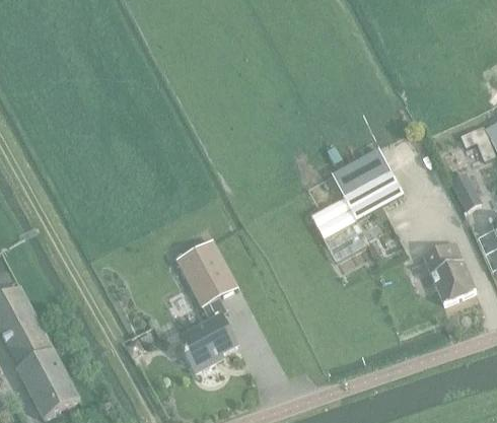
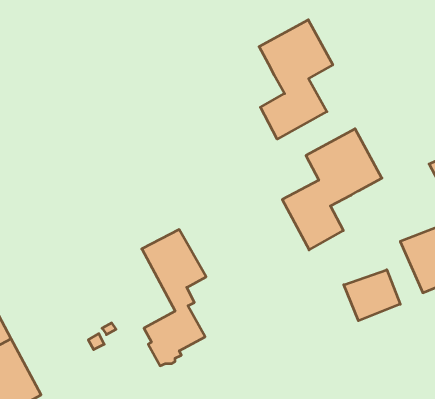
building: none -> [259,20,333,139]
building: none -> [344,270,400,321]

